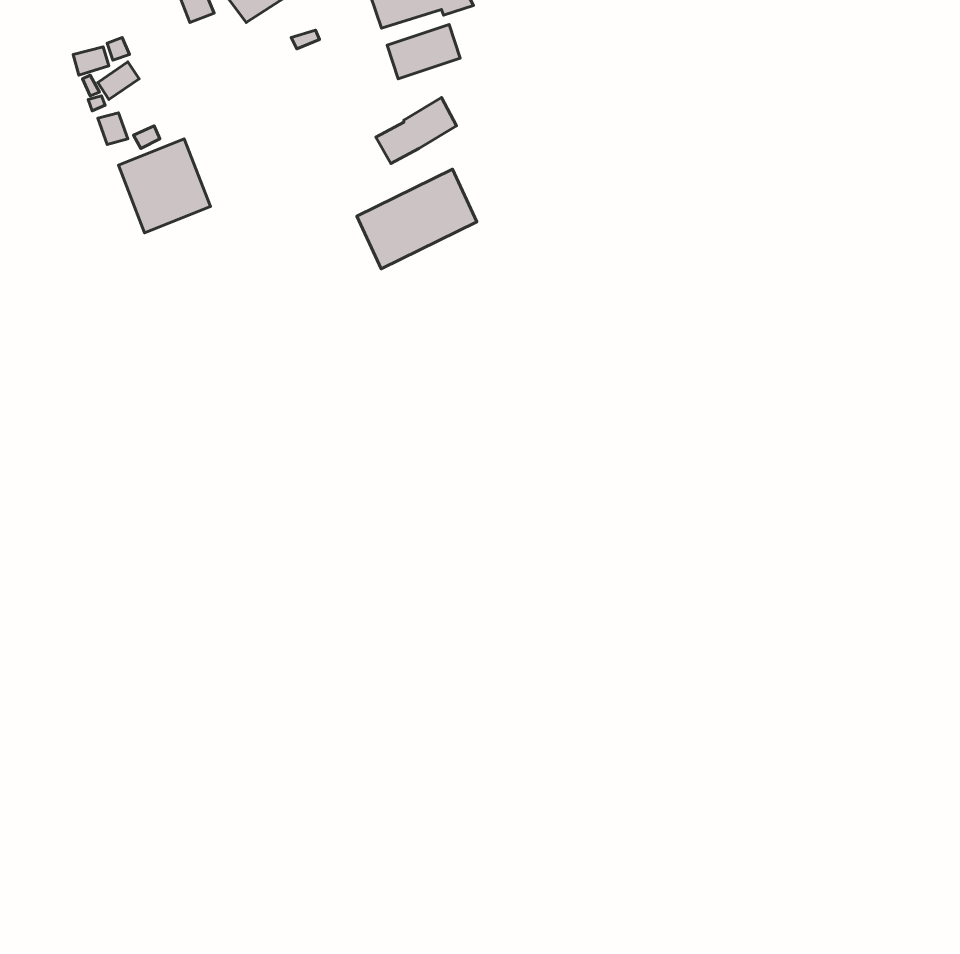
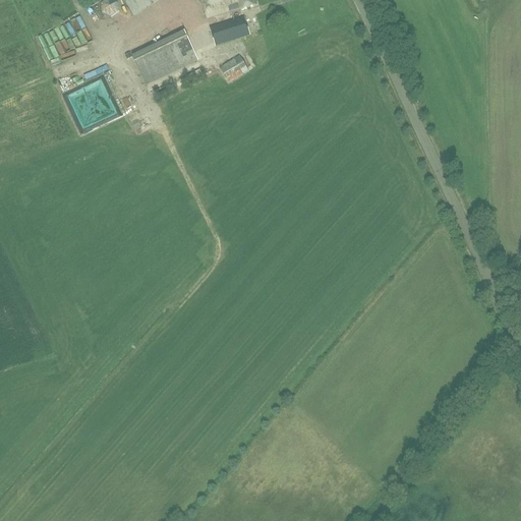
building: [357,169,477,269] -> [132,28,197,82]

